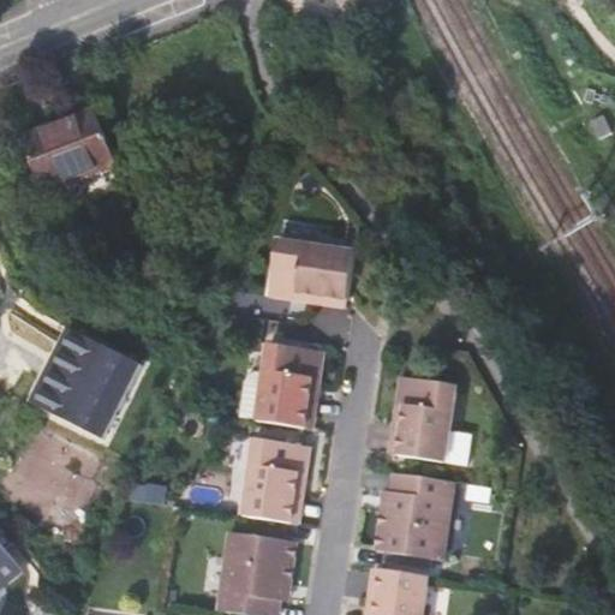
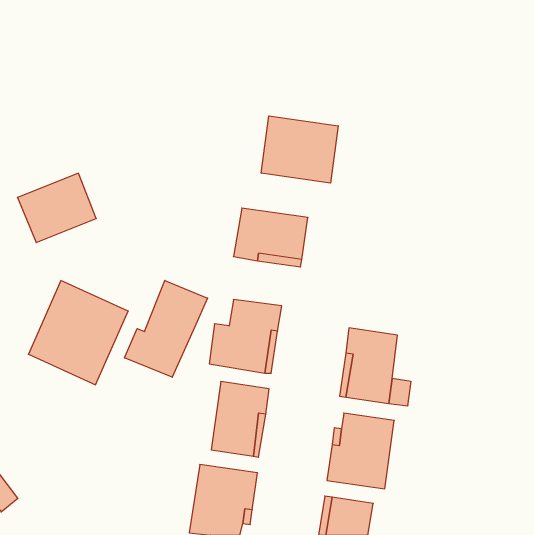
building: [30,109,120,189] -> [17,173,96,243]
building: none -> [261,116,338,183]
building: none -> [124,280,208,377]

